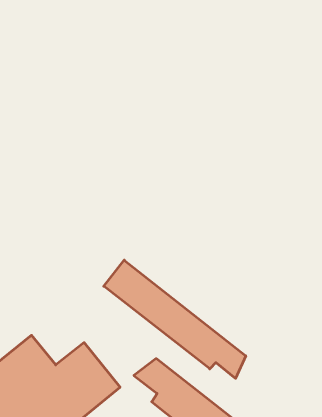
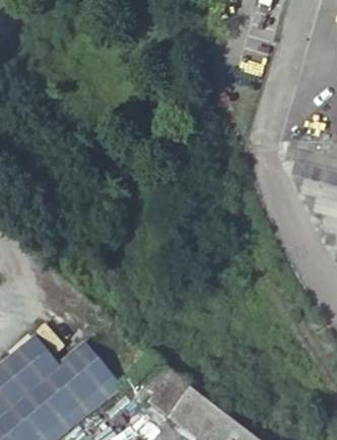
building: [104,260,246,378] -> none

